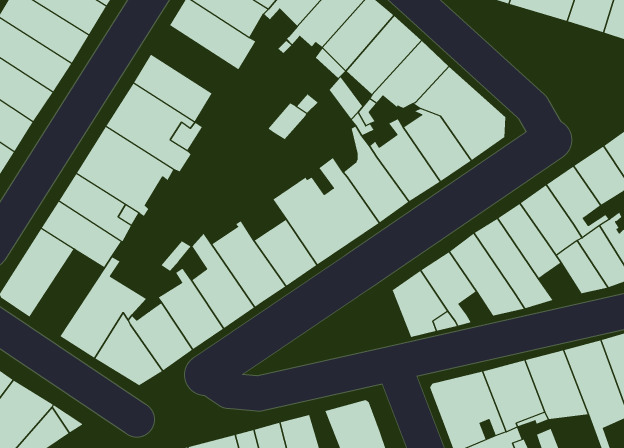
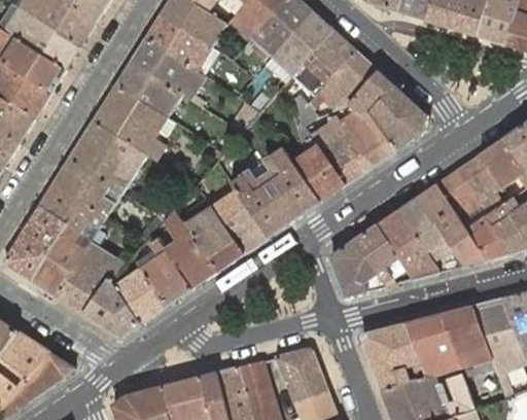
building: none -> [130,38,203,99]
building: none -> [30,223,92,295]

